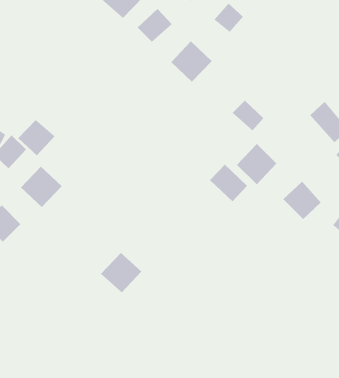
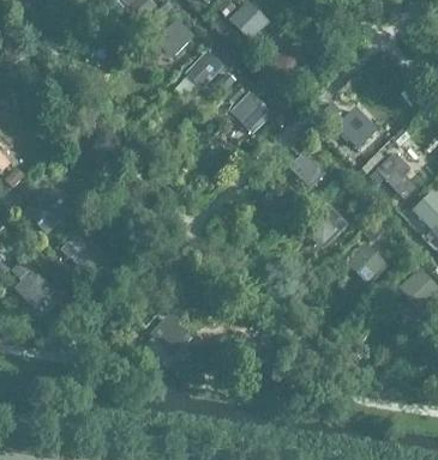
building: none -> [328,107,374,152]
building: [17,119,56,156] -> none
building: [209,164,248,202] -> none

